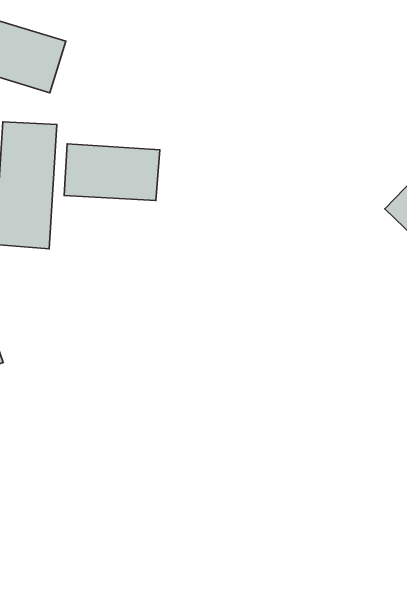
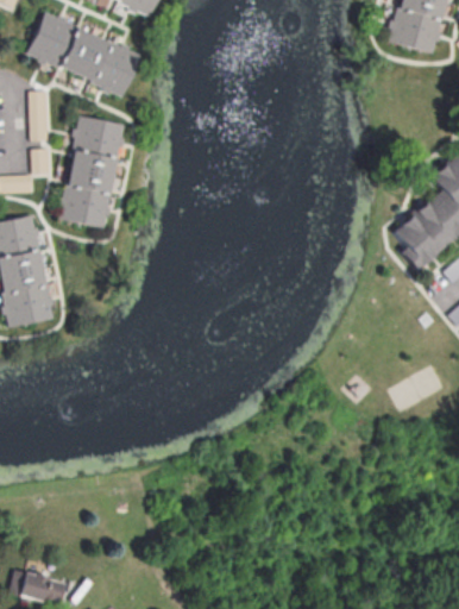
building: [64,144,160,201] -> none

